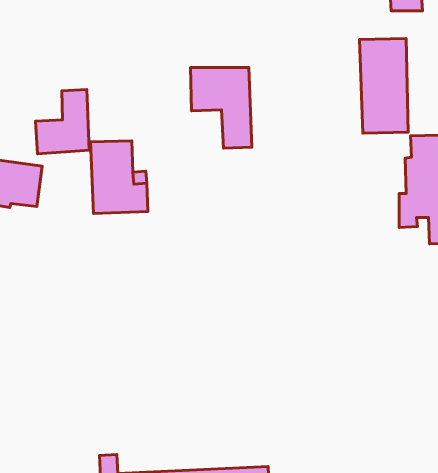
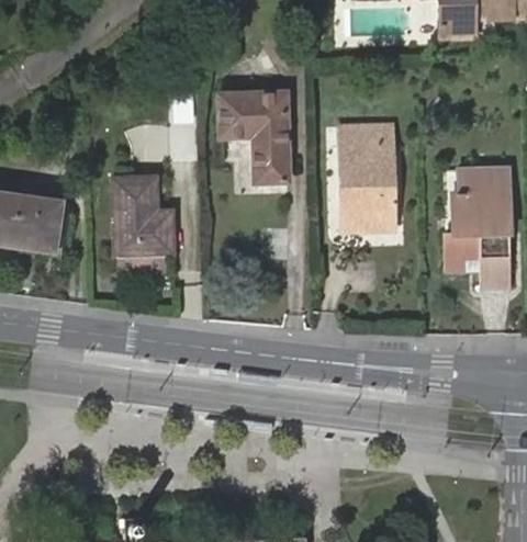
building: [360,38,408,133] -> [341,129,394,233]
building: [36,90,89,154] -> none

